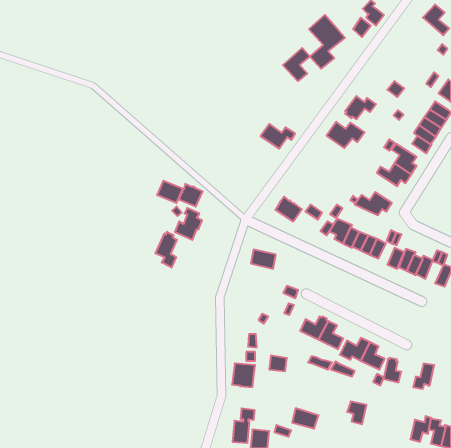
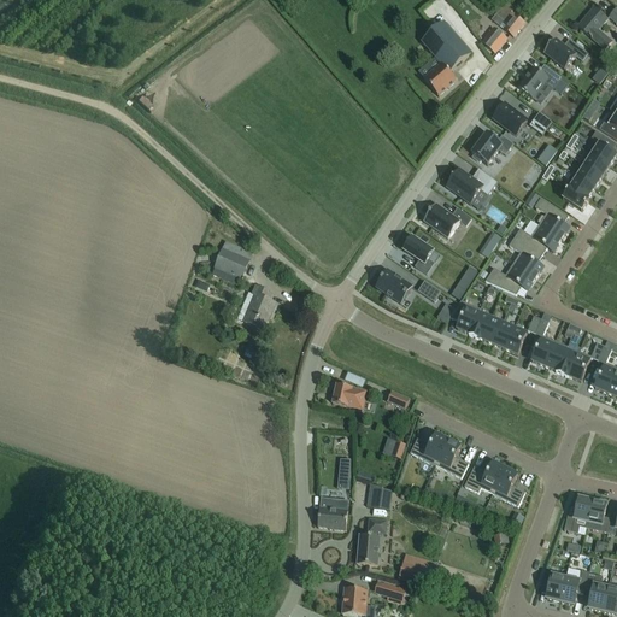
building: none -> [543,37,588,69]
building: none -> [517,63,562,96]
building: [283,48,310,81] -> none
building: none -> [493,102,527,134]
building: [261,124,295,149] -> [423,202,470,236]
building: none -> [404,236,434,272]
building: none -> [509,236,543,277]
building: [179,184,203,207] -> none
building: [155,232,177,268] -> none
building: [251,249,276,269] -> [333,382,366,409]
building: [384,358,401,382] -> [587,498,611,531]
building: [347,401,367,424] -> [540,569,566,600]
building: [233,408,255,443] -> [357,517,387,564]

